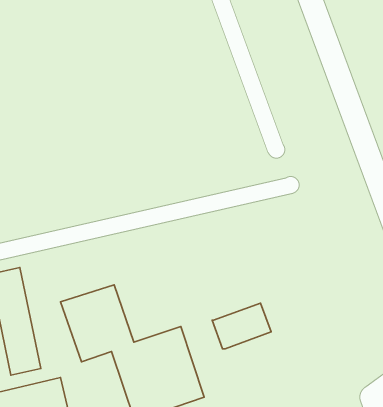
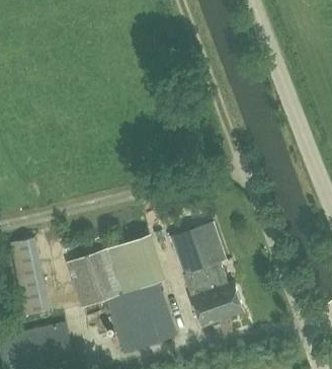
building: none -> [169,221,228,276]
building: none -> [107,235,161,293]
building: none -> [193,284,243,325]

